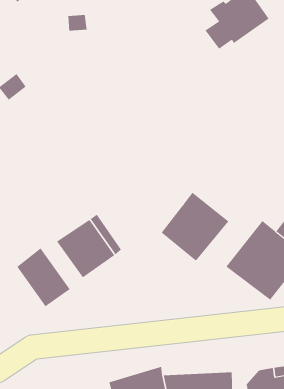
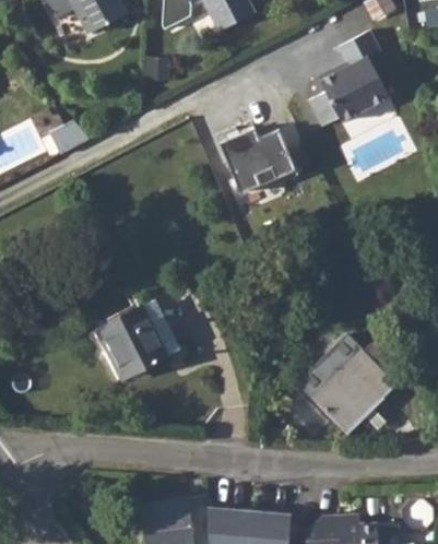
building: none -> [216,128,296,194]
building: [161,192,229,262] -> none
building: [16,247,70,307] -> none

